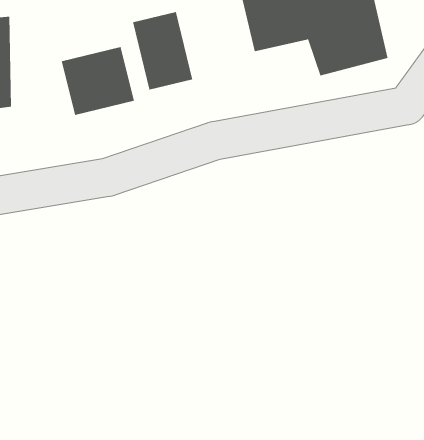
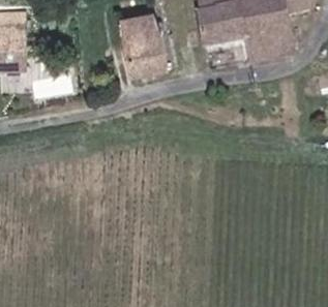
building: [61,46,135,116] -> none

